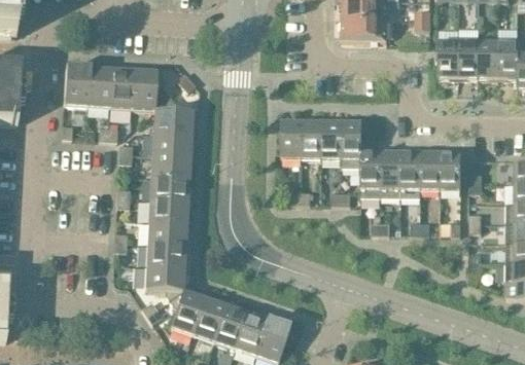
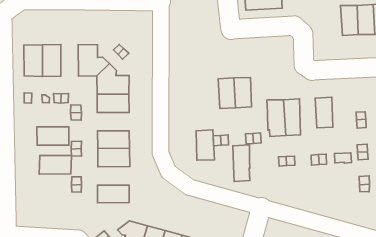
building: [437,40,458,77] -> none
building: [108,68,132,108] -> none
building: [280,121,302,158] -> [196,130,214,160]
building: [341,122,362,167] -> [233,145,250,182]
building: [399,152,420,197] -> none
building: [440,152,461,189] -> none
building: [149,154,189,179] -> [37,127,69,145]
building: [145,221,186,246] -> [39,155,71,174]
building: [143,265,183,300] -> none

